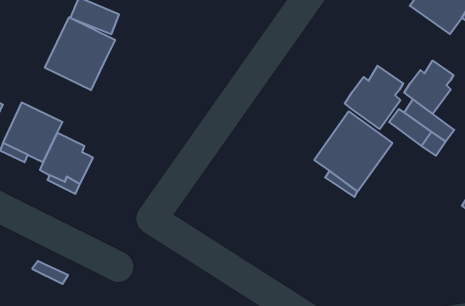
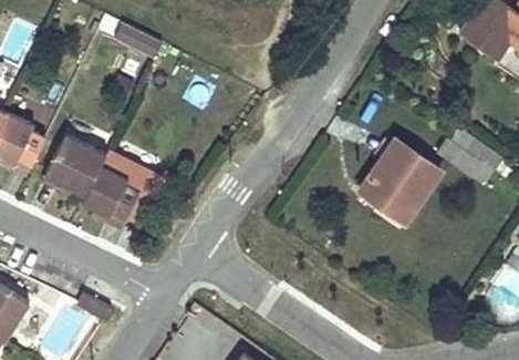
building: [45,17,115,90] -> none
building: [404,61,453,114] -> none
building: [345,66,403,129] -> none

